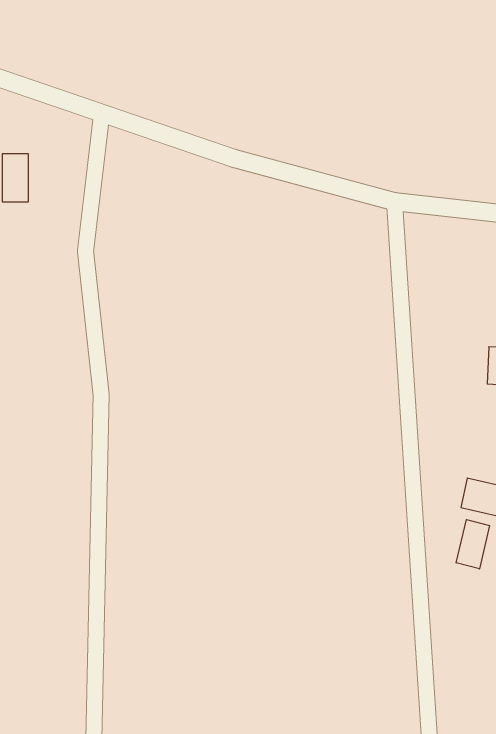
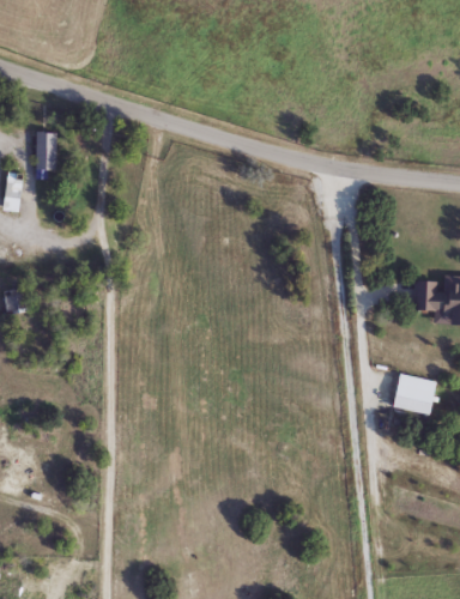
building: [456,520,490,569] -> none

